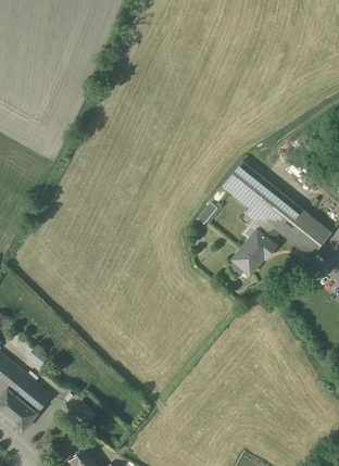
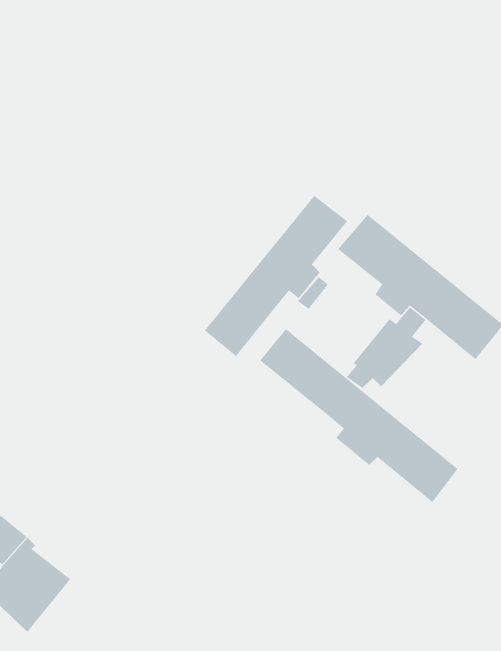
building: none -> [204,195,348,357]
building: none -> [259,328,459,503]

